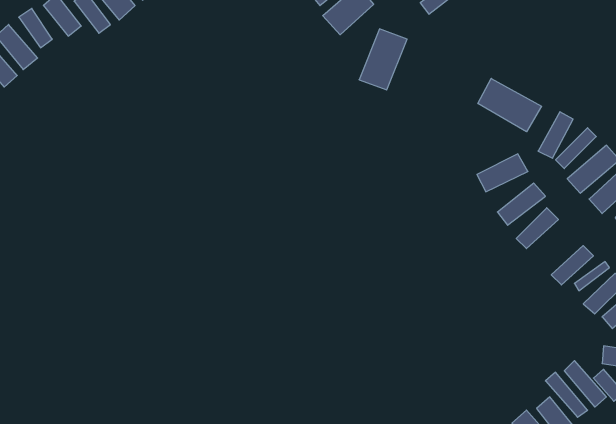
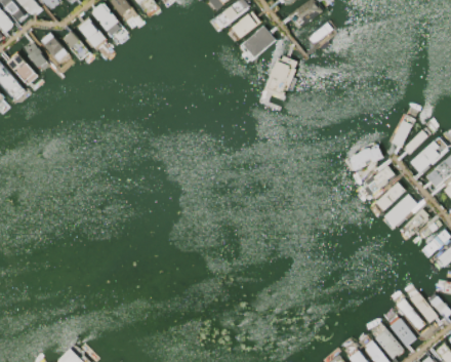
building: [478,78,542,132] -> none
building: none -> [383,194,417,228]

